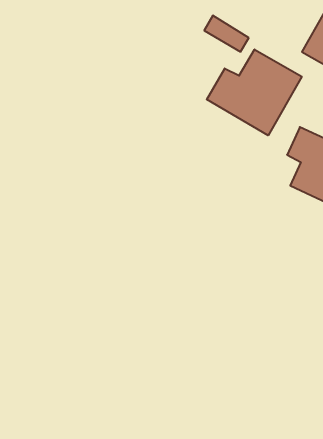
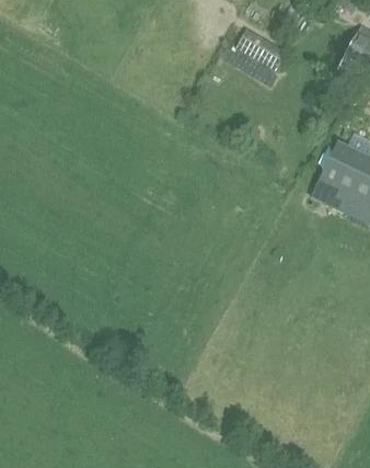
building: [207,49,302,135] -> none

